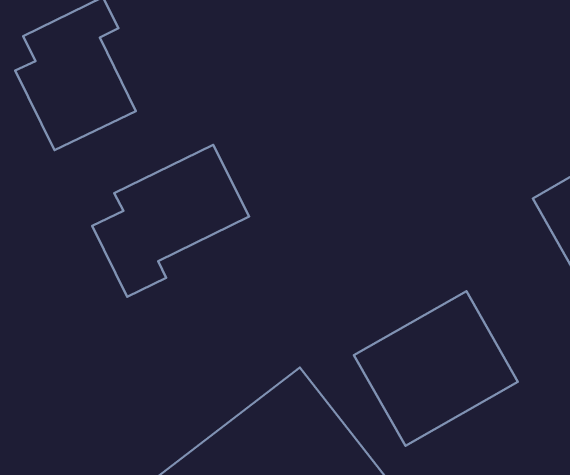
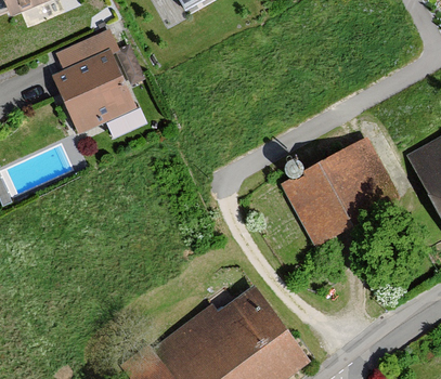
building: [92,145,249,297] -> none
building: [354,291,518,446] -> [280,138,393,245]

